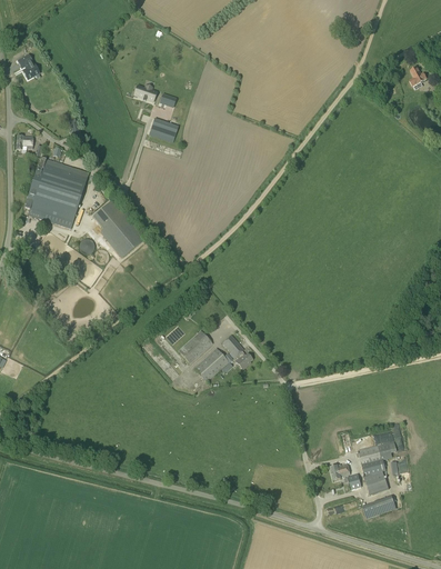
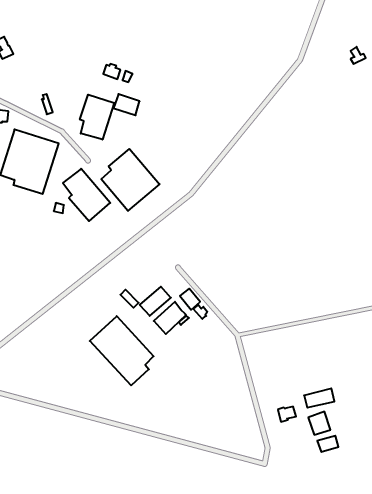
building: none -> [80,95,114,140]
building: none -> [101,149,160,211]
building: none -> [90,316,154,385]

